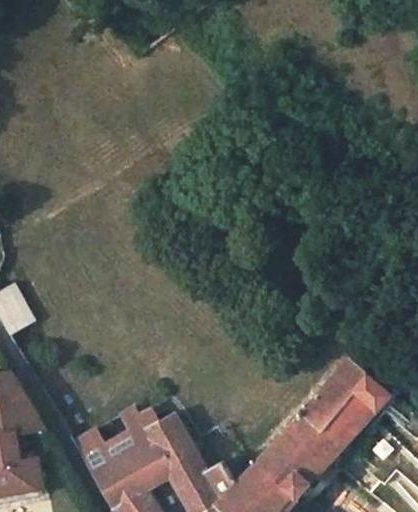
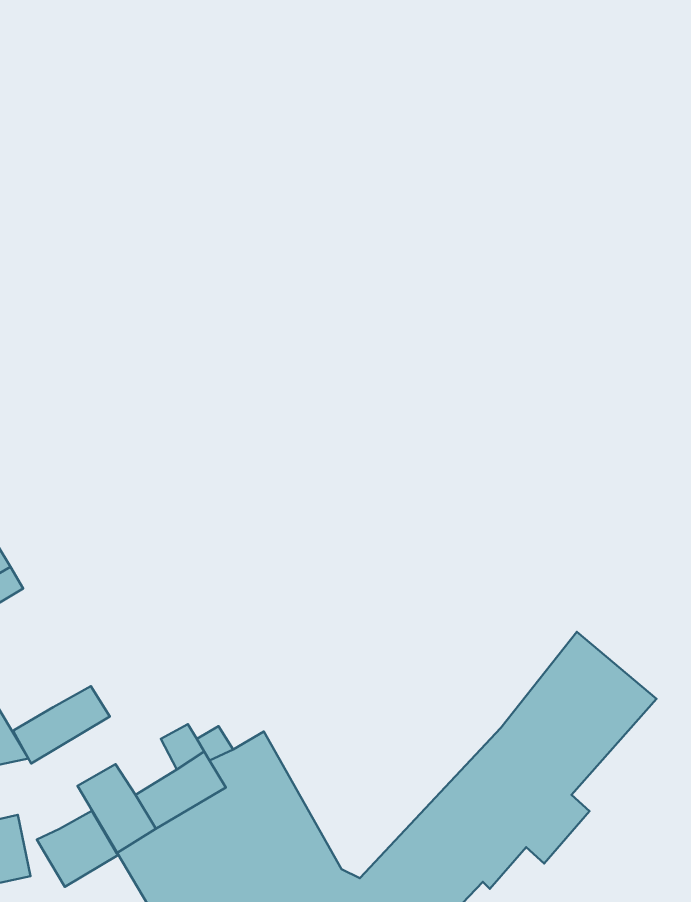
building: none -> [13,686,110,763]
building: none -> [37,811,119,887]

